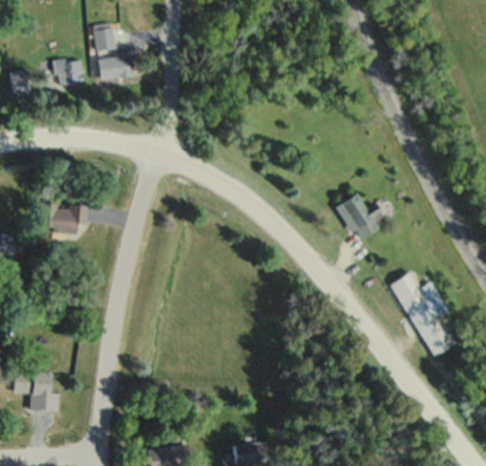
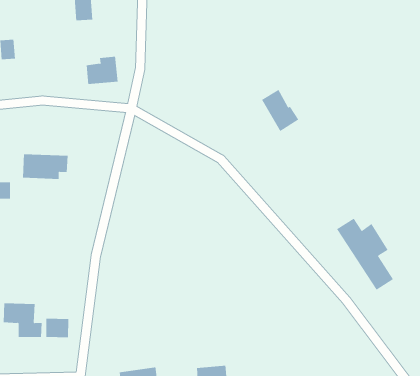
building: [99,52,136,84] -> [86,56,119,85]
building: [52,61,82,85] -> none
building: [336,193,379,241] -> [261,89,299,132]
building: none -> [46,318,69,338]

